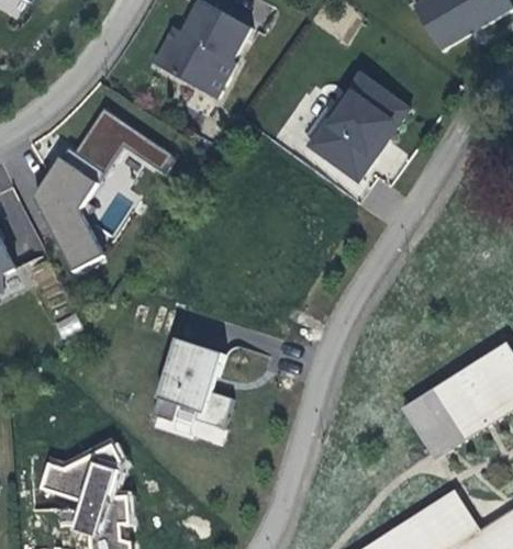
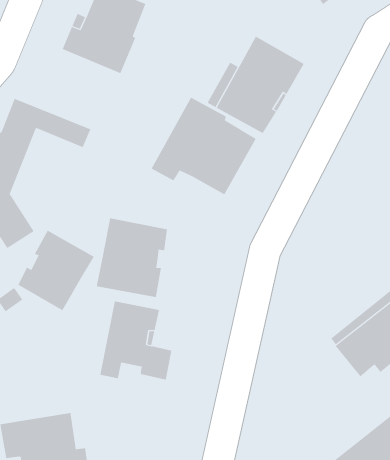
building: none -> [151,97,257,195]
building: none -> [96,218,167,298]
building: none -> [18,230,95,311]

